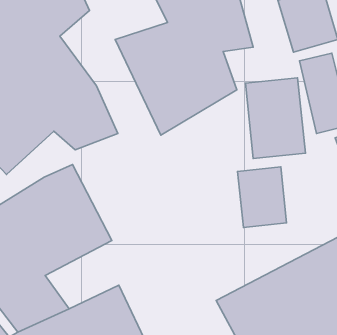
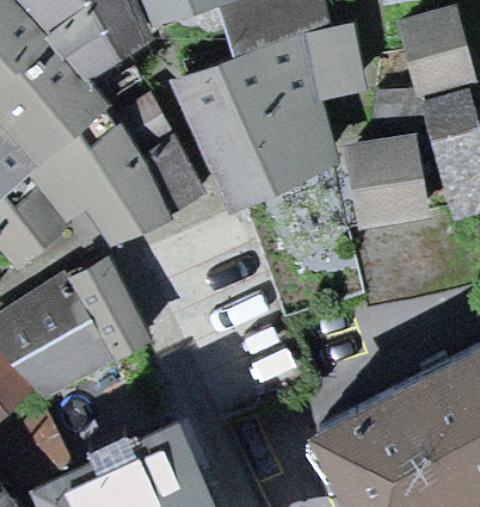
building: [238,167,287,228] -> none

